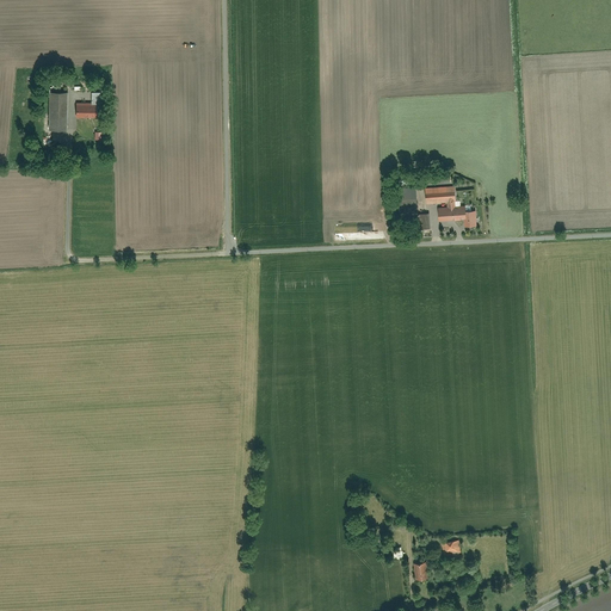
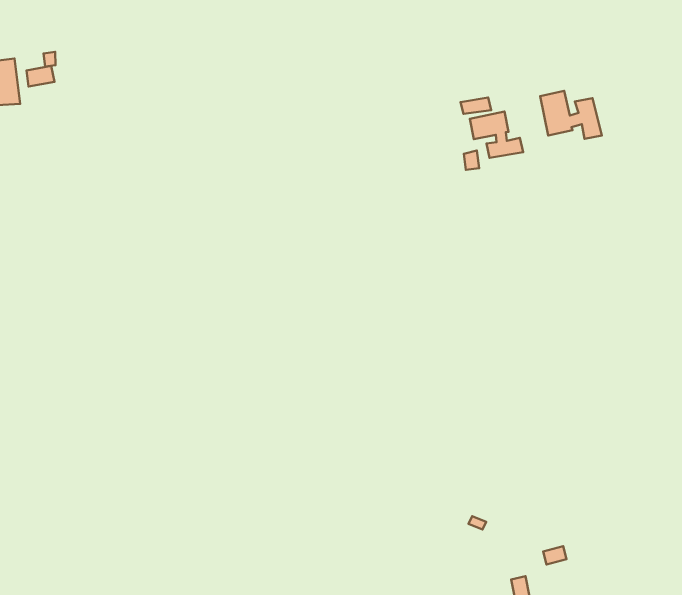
building: none -> [540,91,602,139]

